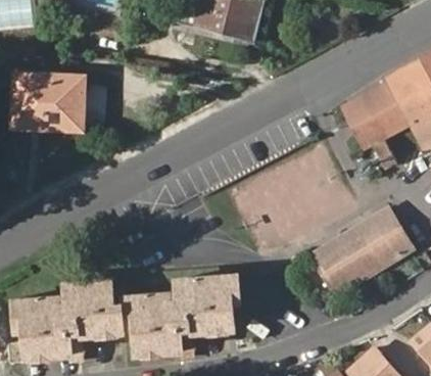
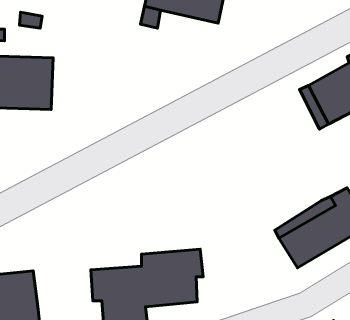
building: [64,278,123,336] -> none

